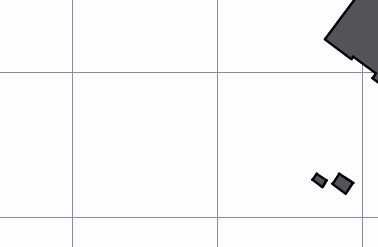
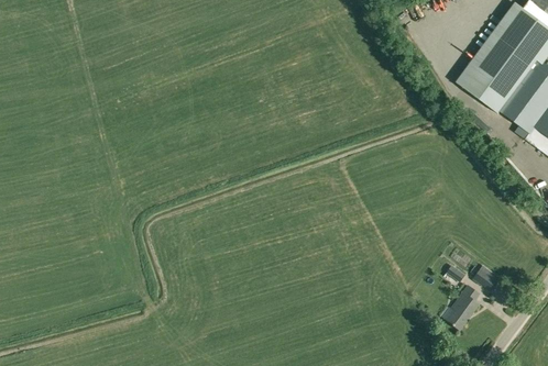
building: none -> [447,284,479,329]

